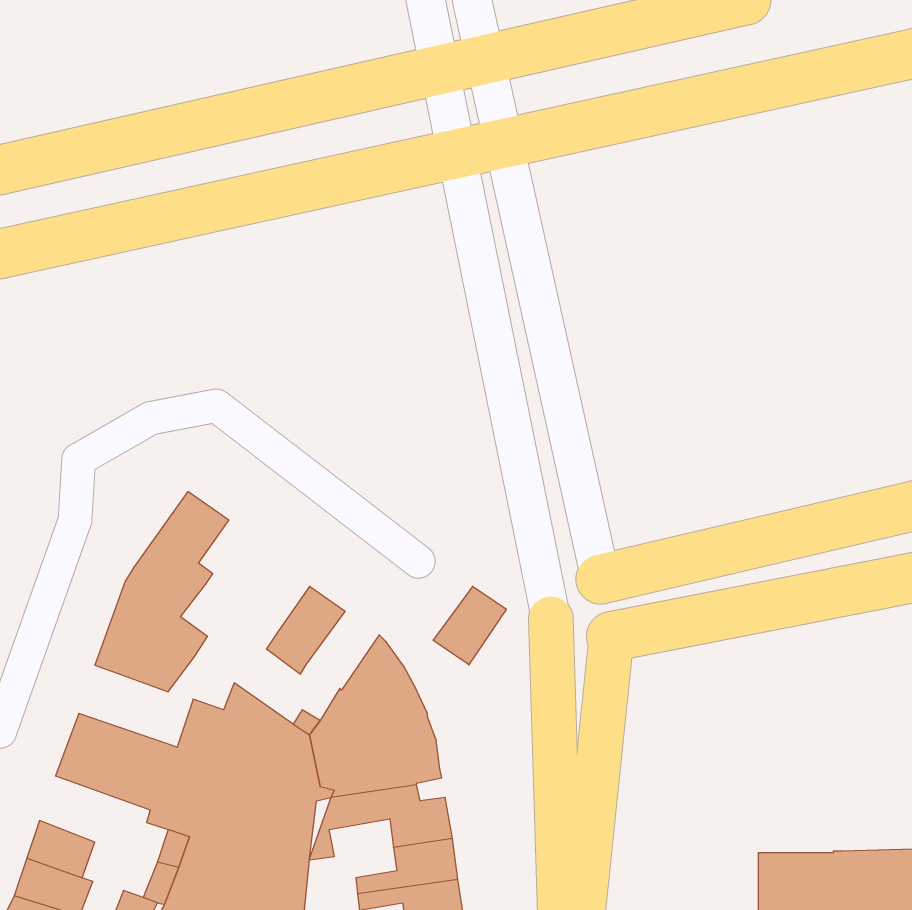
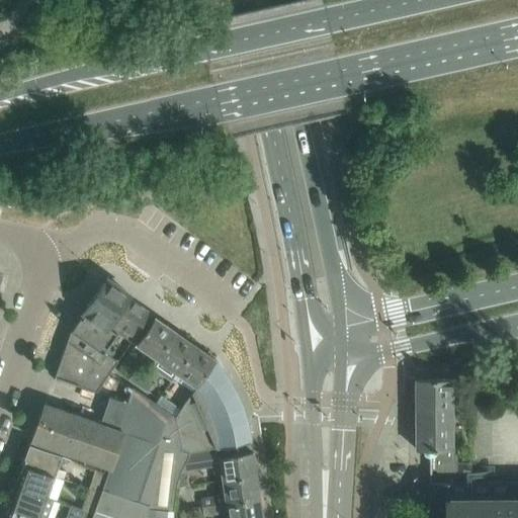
building: none -> [113,299,152,343]
building: none -> [138,319,176,360]
building: [433,586,506,665] -> [174,348,215,393]
building: none -> [417,380,478,485]
building: none -> [23,445,63,479]

